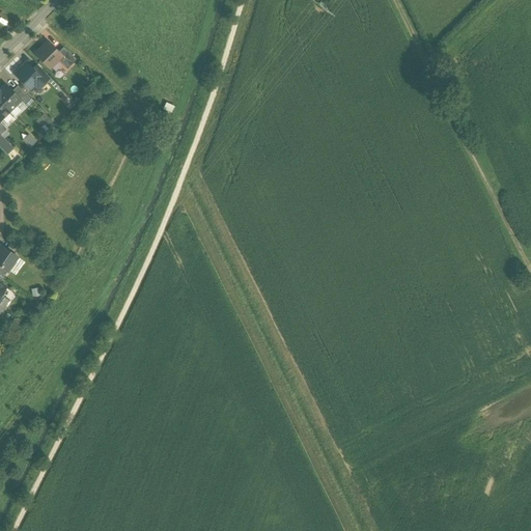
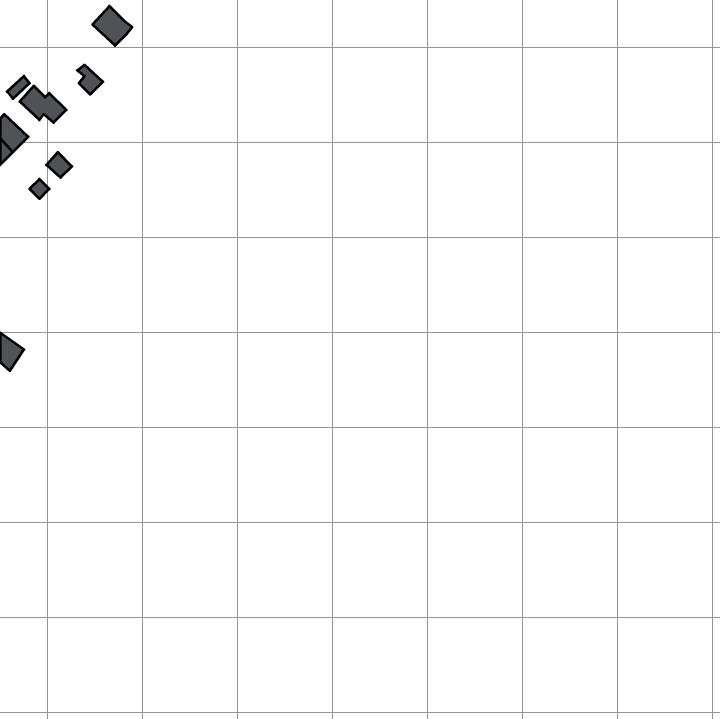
building: [33,40,62,69] -> [93,6,132,46]

